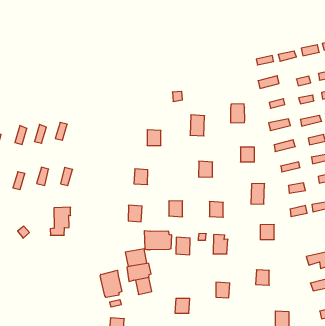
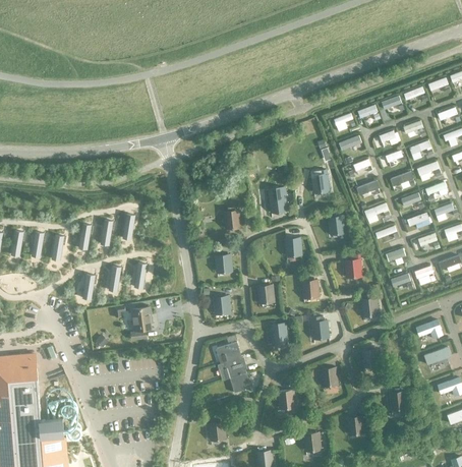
building: [144,231,171,250] -> none
building: [100,270,122,297] -> none

